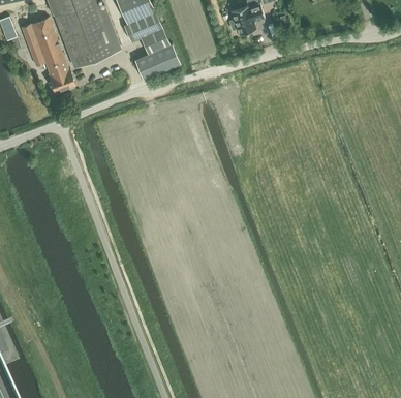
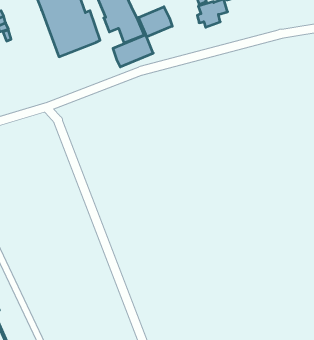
building: none -> [139,7,172,37]
building: [21,18,74,92] -> none

